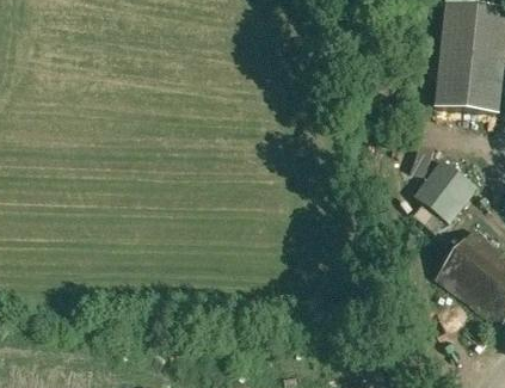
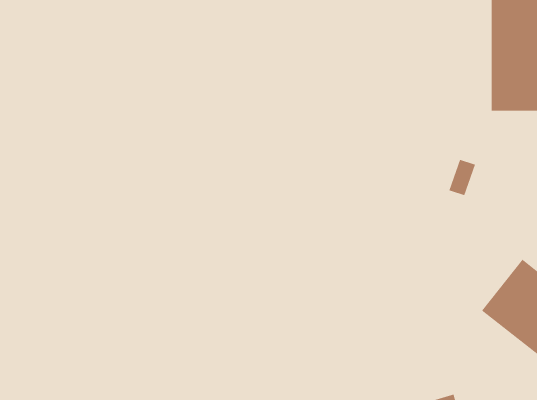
building: [413,160,476,224] -> none

